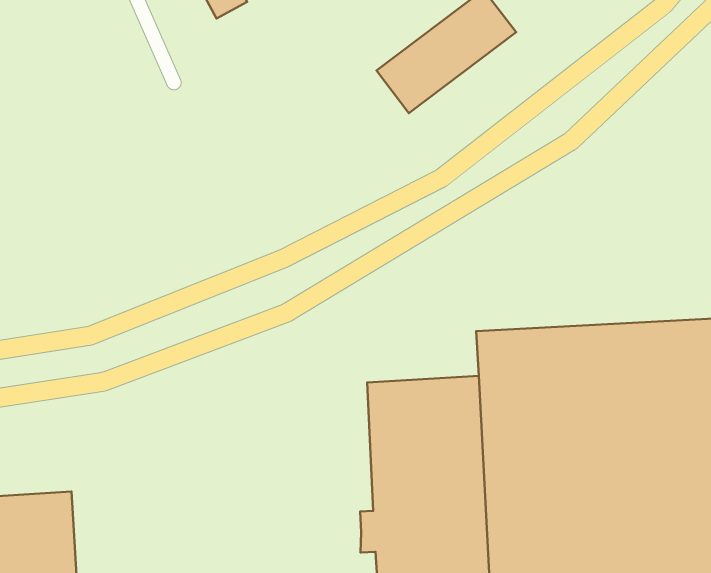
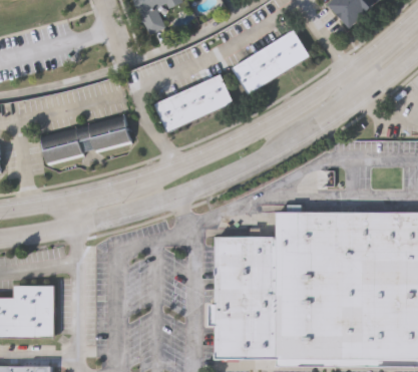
building: none -> [155,73,236,131]
building: none -> [40,114,132,166]

